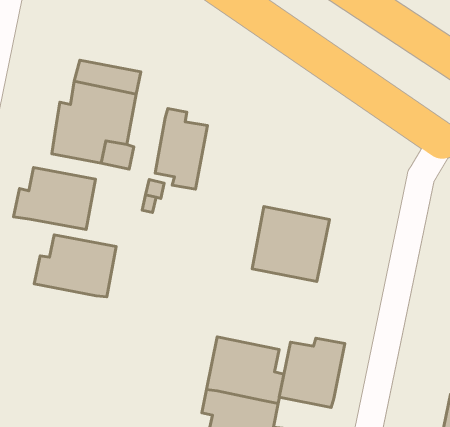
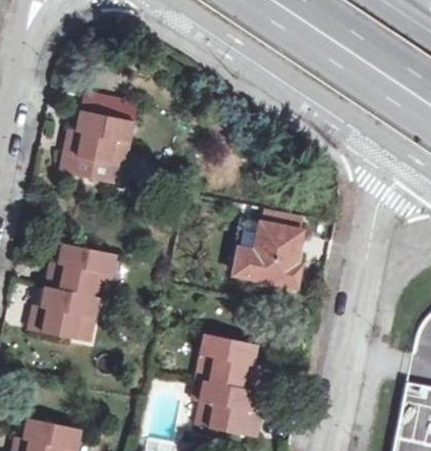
building: [155,108,207,189] -> none
building: [14,168,96,230] -> [28,287,99,341]
building: [279,338,345,408] -> none

